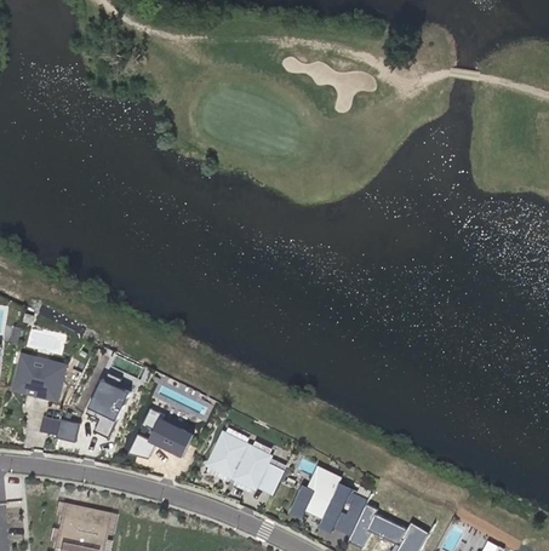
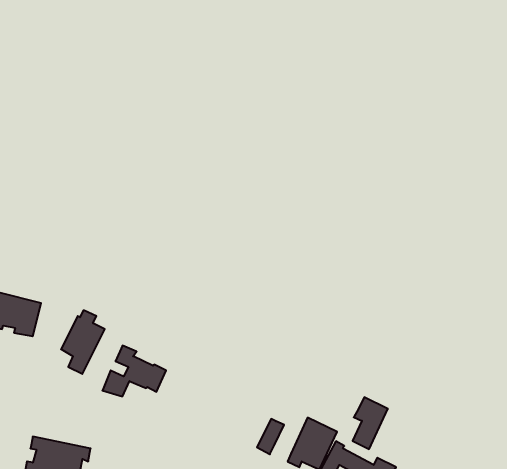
building: [40,413,81,441] -> none
building: [208,435,274,490] -> none
building: [304,466,341,520] -> [353,397,388,449]

